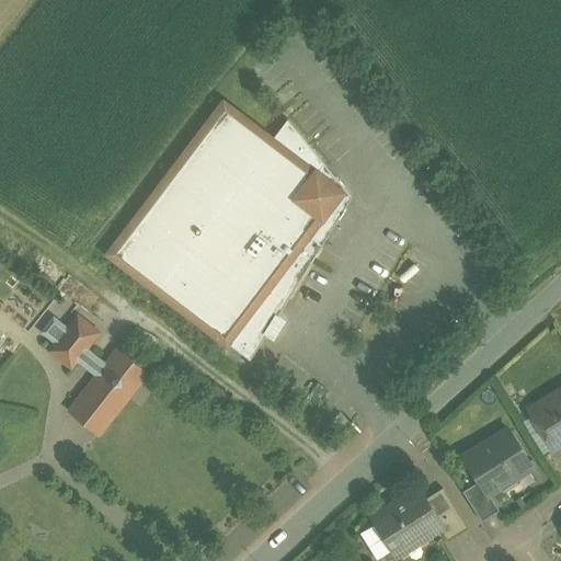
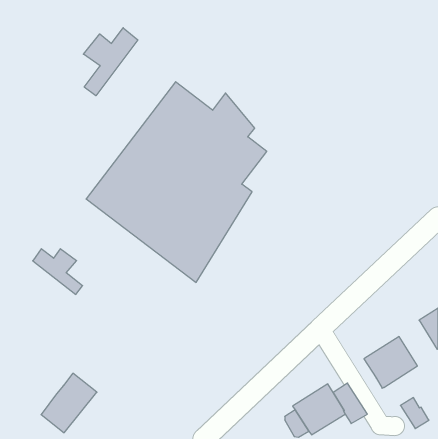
building: none -> [83,28,138,96]
building: [77,348,148,424] -> [41,373,97,433]
building: [462,481,499,520] -> [400,398,429,429]

